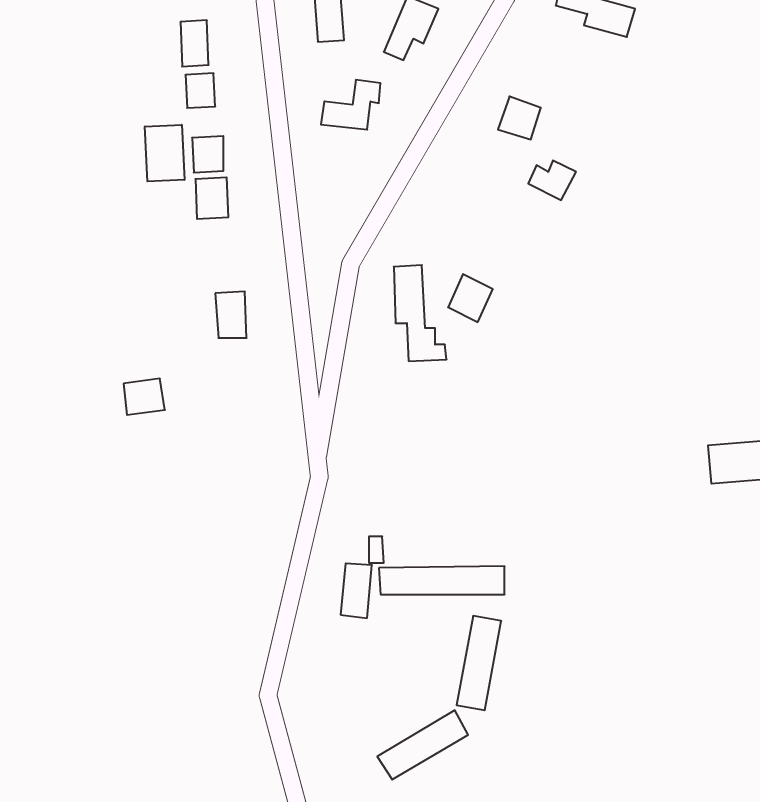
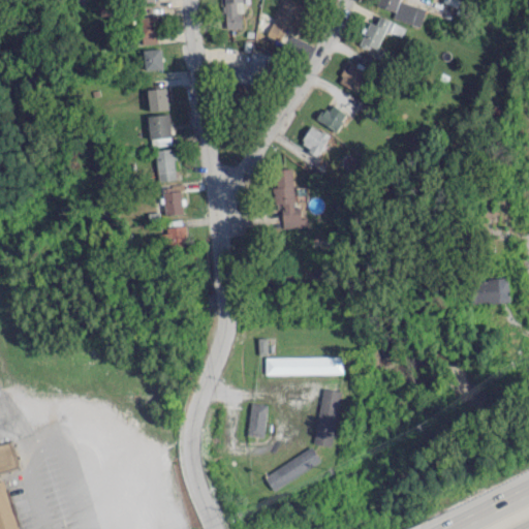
building: none -> [361,18,406,52]
building: [145,125,184,181] -> none
building: [528,160,576,200] -> [317,106,347,131]
building: none -> [157,150,177,182]
building: [448,274,493,322] -> [302,126,330,156]
building: [124,379,165,415] -> [162,227,188,250]
building: [341,563,372,618] -> [248,404,268,438]

